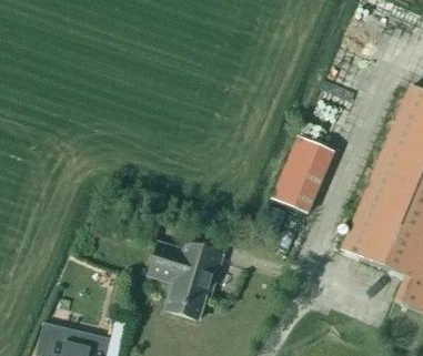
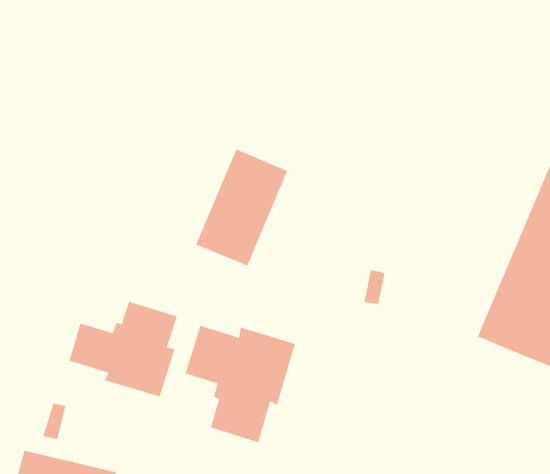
building: [272,134,333,212] -> [195,148,288,267]
building: none -> [68,301,178,397]

